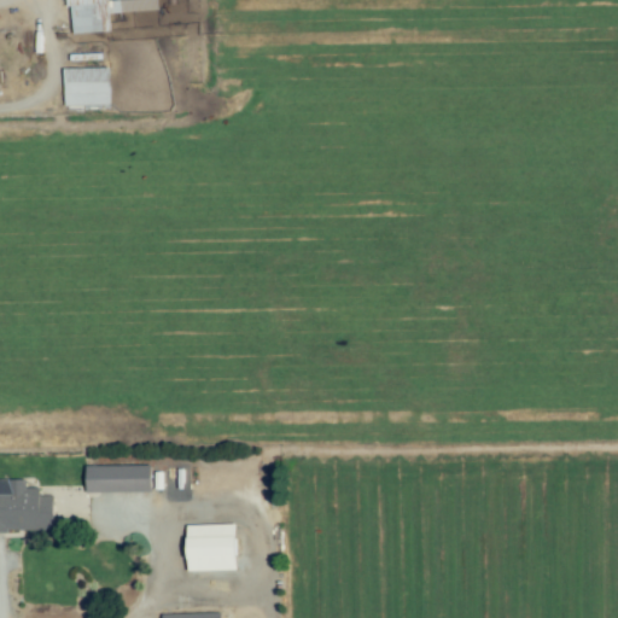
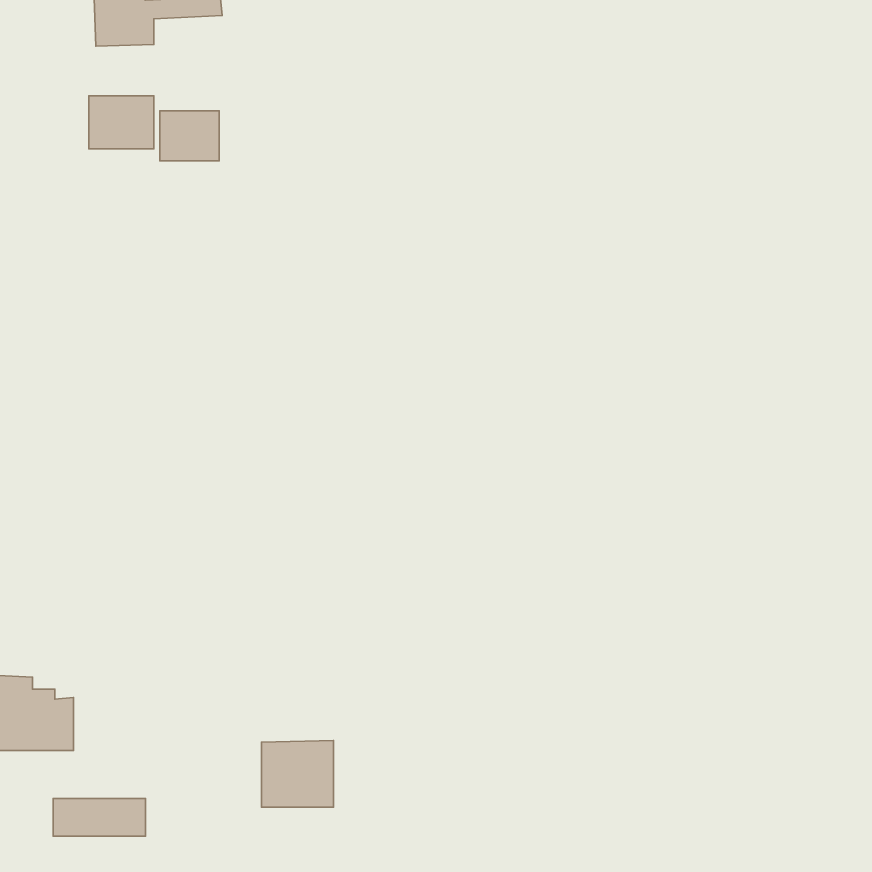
building: none -> [160,111,219,161]
building: [84,465,150,491] -> [53,798,145,836]

